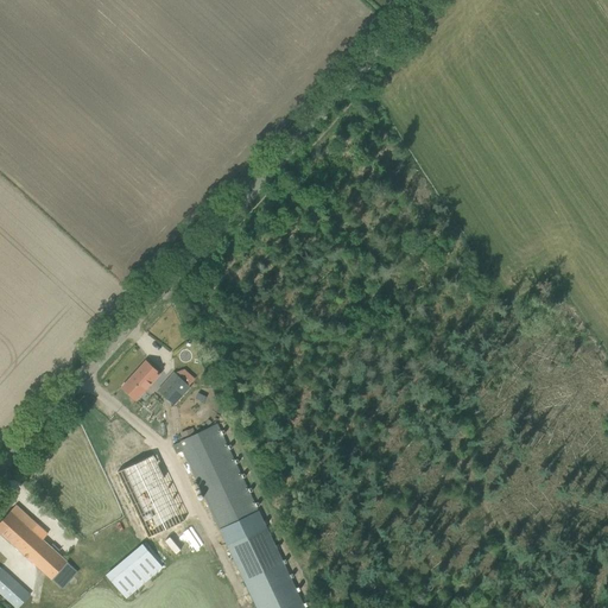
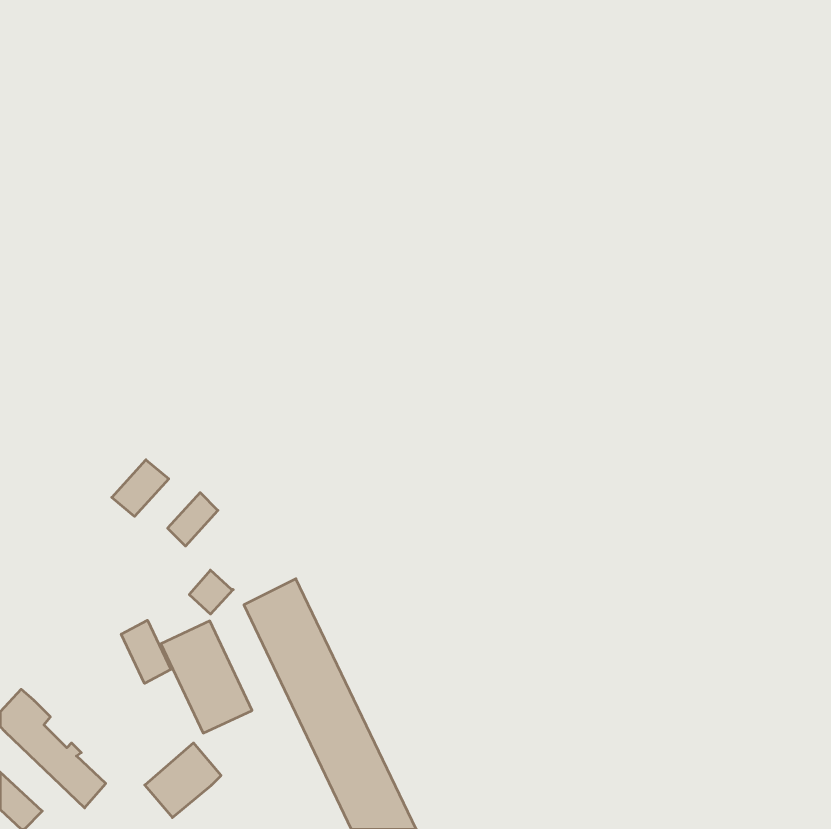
building: none -> [112,460,169,516]
building: [158,372,190,404] -> [189,570,233,614]
building: none -> [121,620,171,683]

